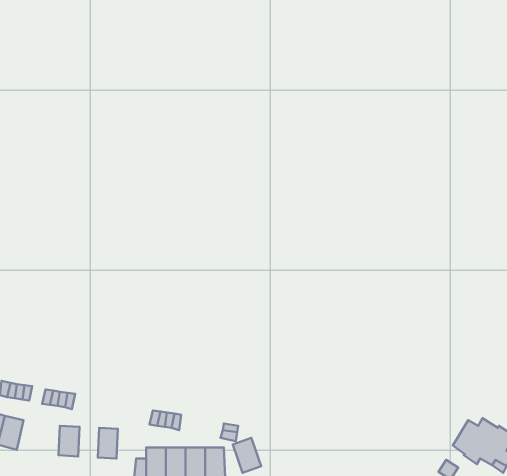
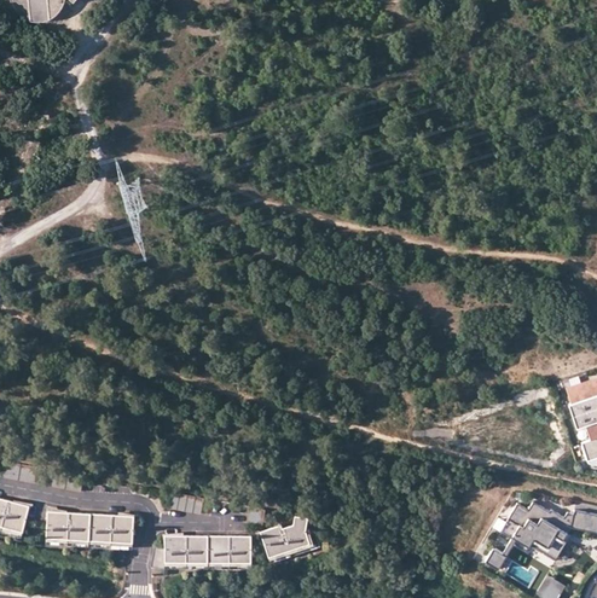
building: none -> [46,510,69,544]
building: none -> [89,512,112,546]
building: none -> [282,515,320,556]

